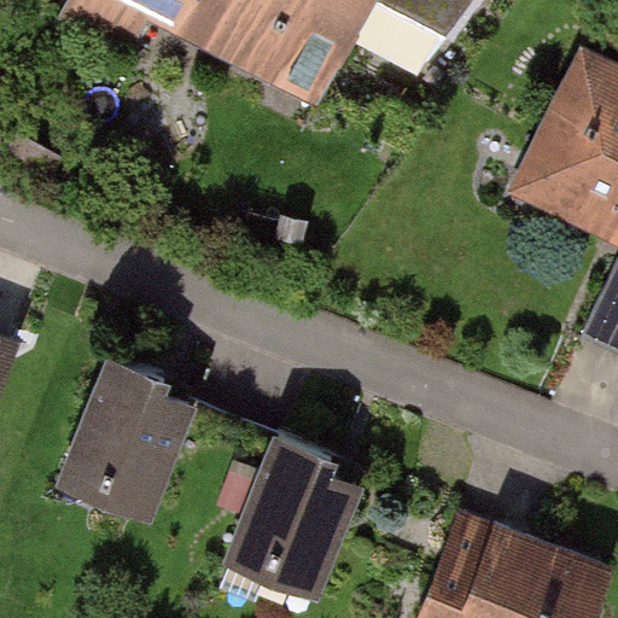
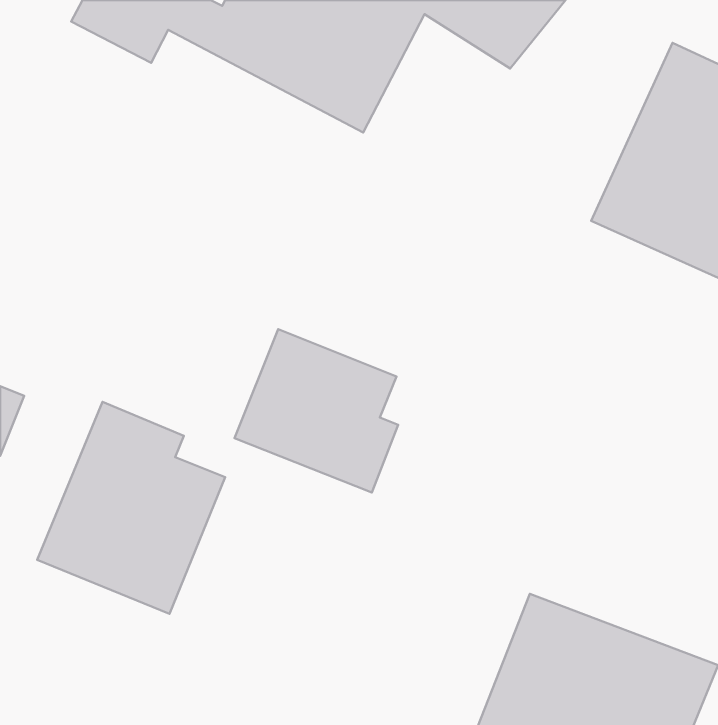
building: none -> [235,329,398,492]
building: [215,426,362,594] -> none

